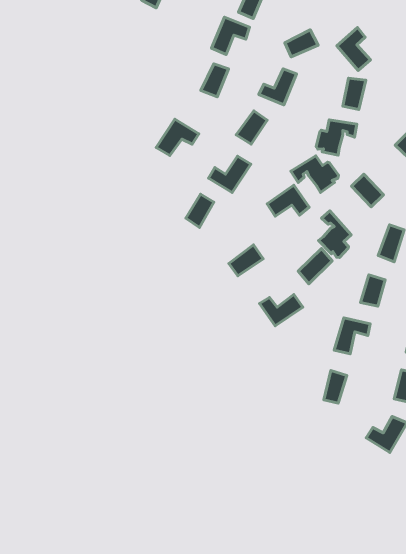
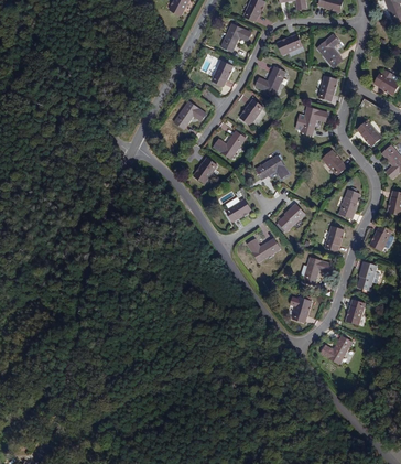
building: [291,156,338,192] -> none
building: [318,211,351,257] -> none

